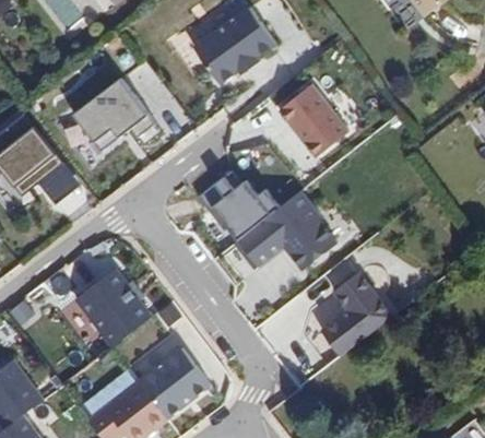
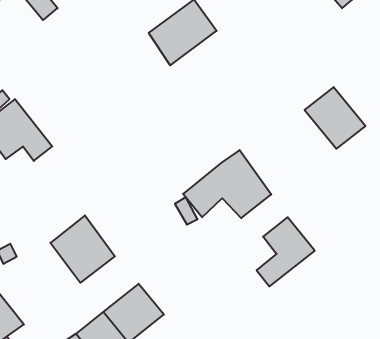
building: [69,72,156,150] -> none
building: [276,82,350,156] -> [305,87,365,149]
building: [197,173,279,239] -> none

